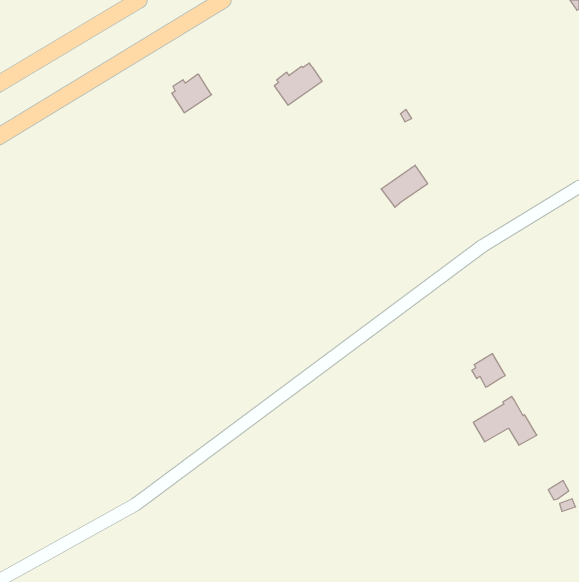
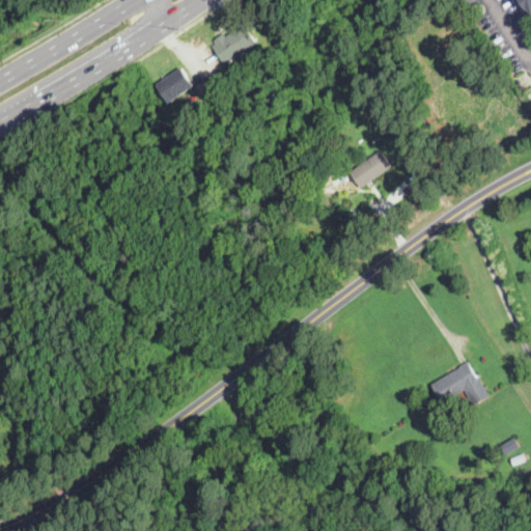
building: [274,63,322,105] -> [212,26,255,64]
building: [472,354,505,387] -> none

